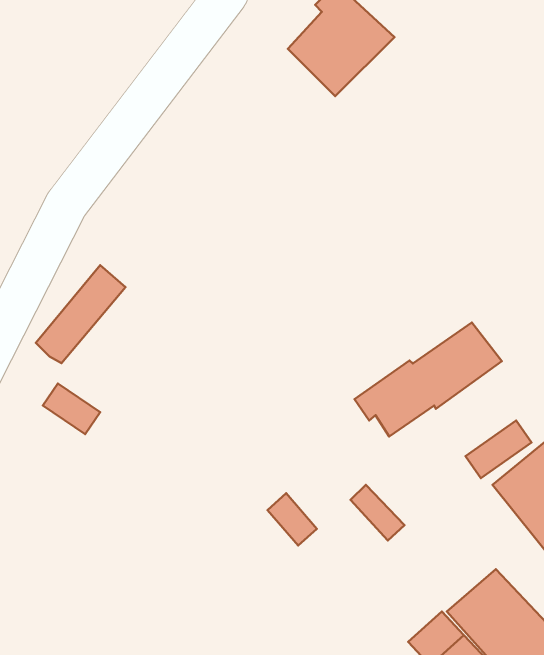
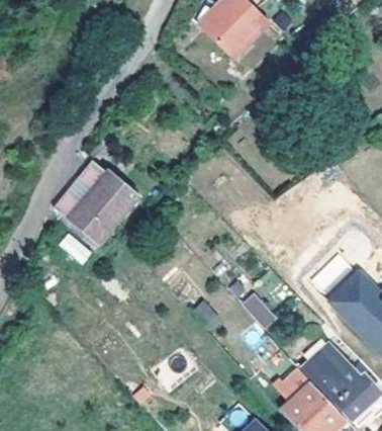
building: none -> [70,173,136,243]
building: [354,323,502,436] -> none

